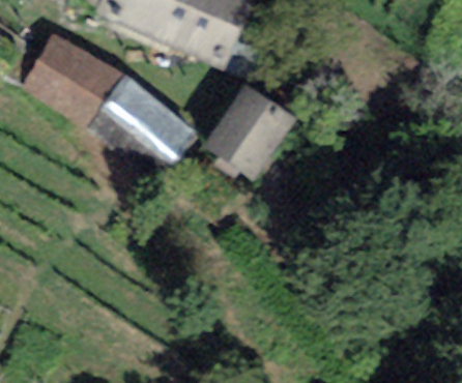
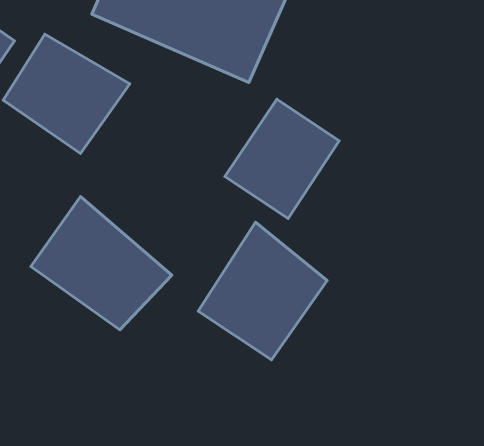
building: [85,70,200,179] -> [31,197,172,330]
building: none -> [198,222,327,360]

